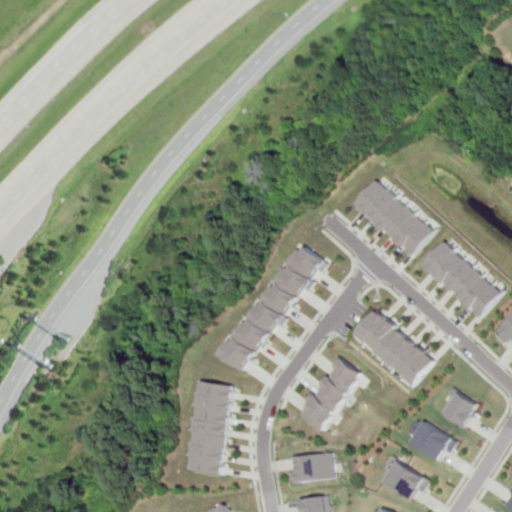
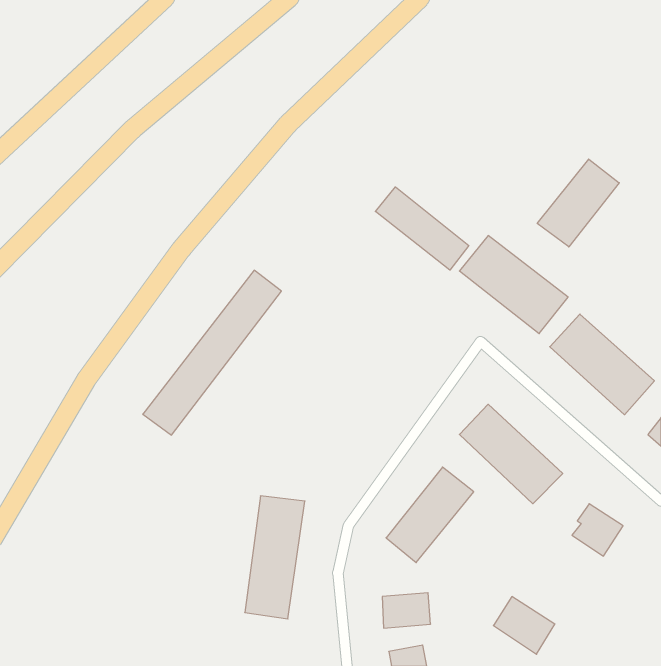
building: none -> [537,159,619,247]
building: none -> [375,187,469,270]
building: [218,243,324,369] -> [143,270,281,435]
building: [407,418,453,458] -> none

